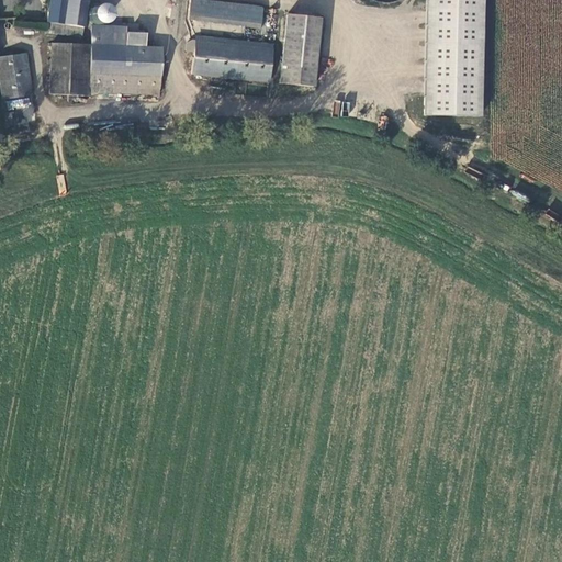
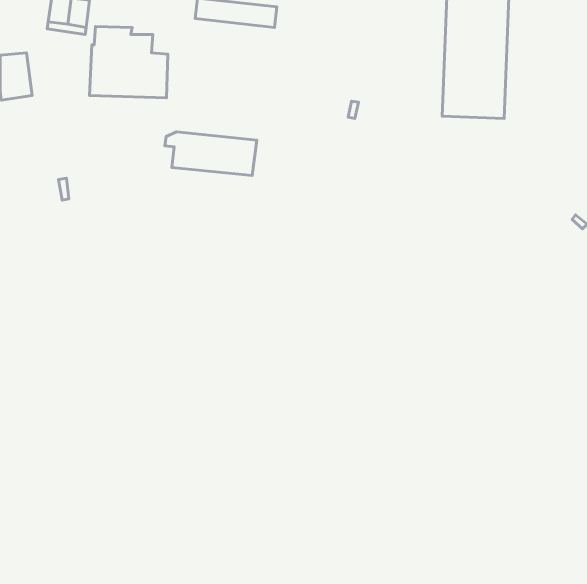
building: [283,13,322,85] -> none
building: [186,38,273,80] -> [165,132,257,176]
building: [50,42,88,95] -> none

